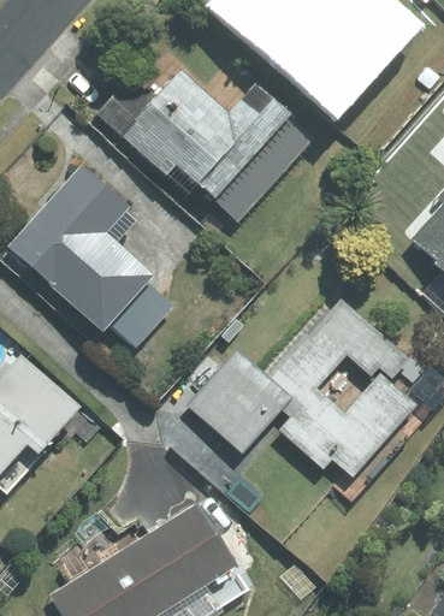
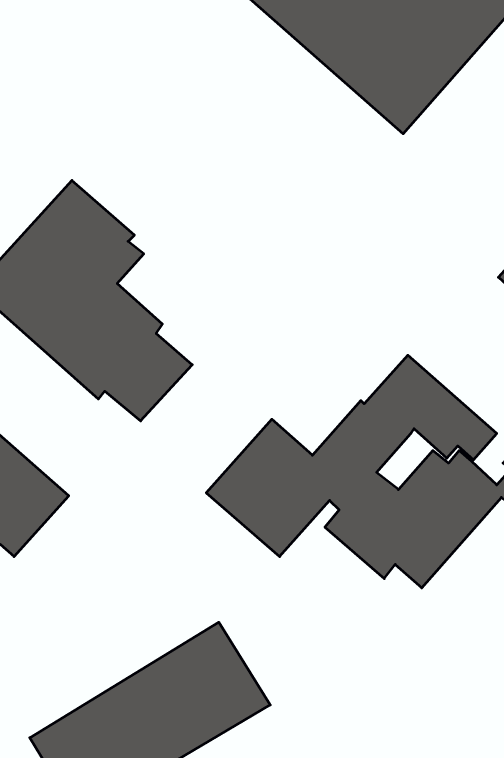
building: [93,67,313,221] -> none

